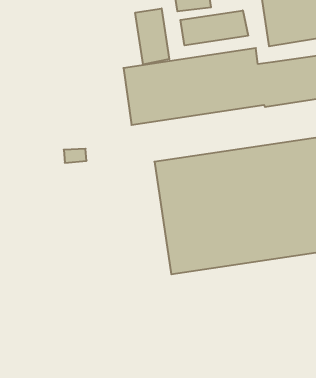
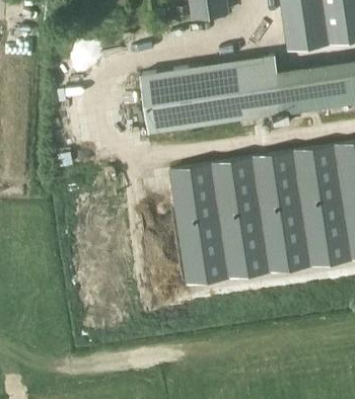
building: [135,8,169,65] -> none
building: [180,10,248,45] -> none

